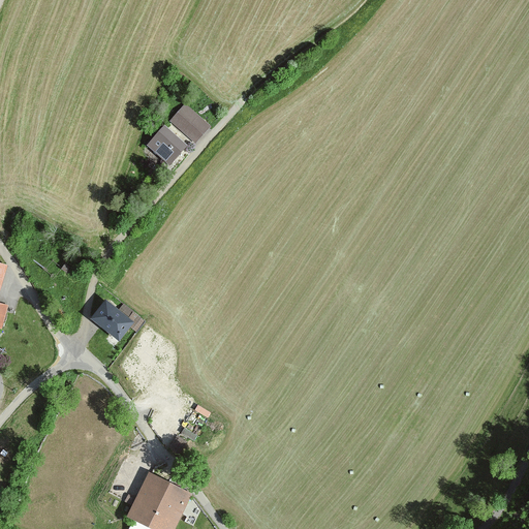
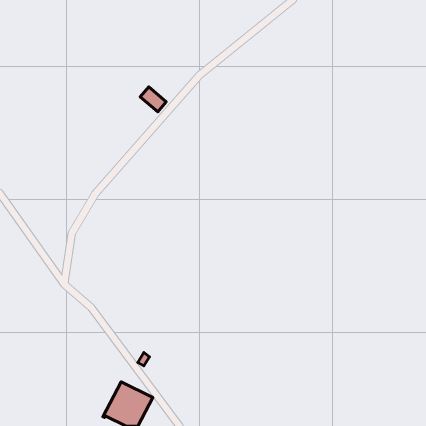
building: [150,128,188,176] -> none
building: [93,303,129,337] -> none

